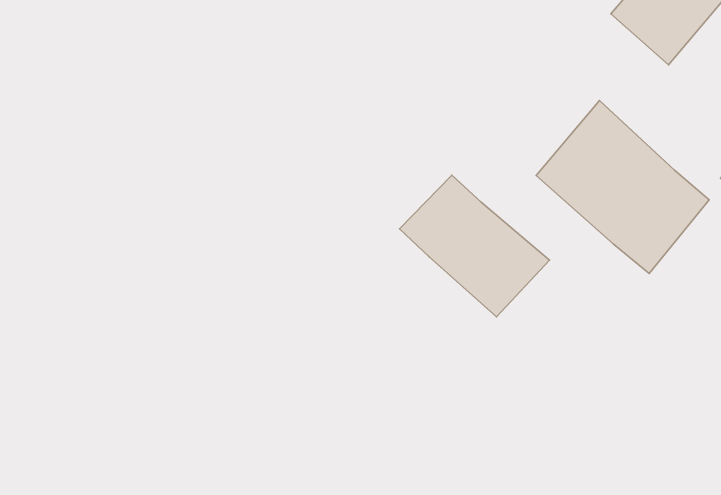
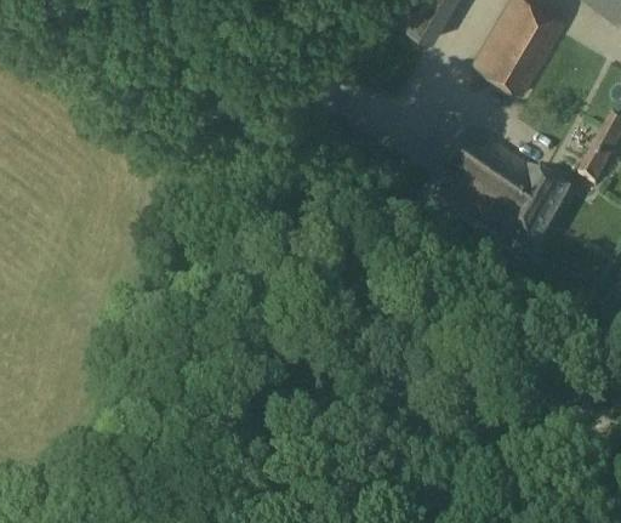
building: [400,175,549,317] -> none

